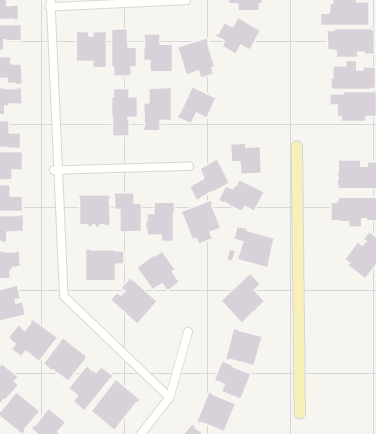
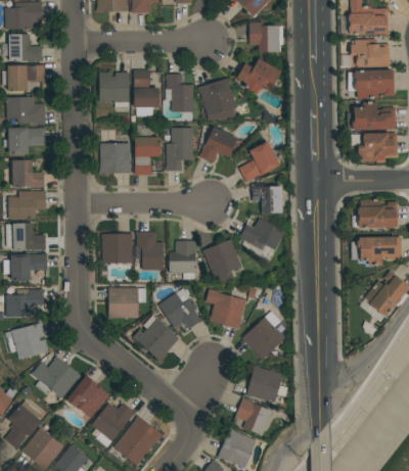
building: none -> [100,144,132,174]
building: [189,158,230,201] -> [239,141,279,183]
building: [234,226,277,268] -> [206,289,248,330]

